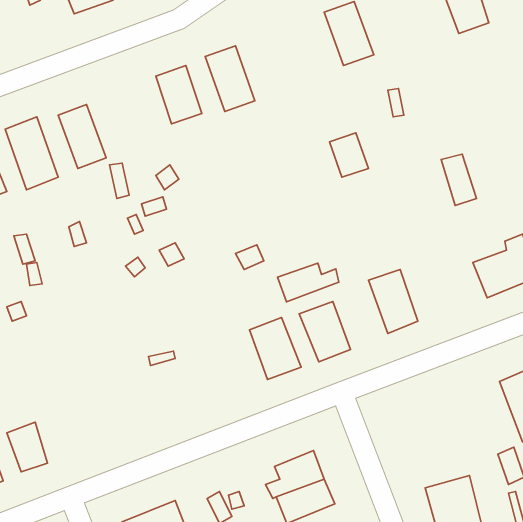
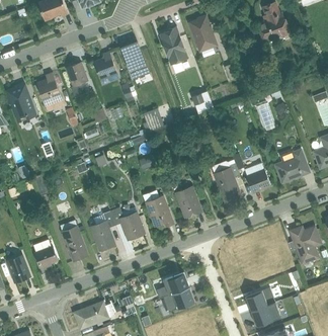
building: none -> [159,23,189,64]
building: none -> [65,62,90,93]
building: none -> [244,161,271,193]
building: [277,263,339,302] -> none
building: none -> [119,211,146,241]
building: none -> [89,220,116,252]
building: none -> [62,224,89,261]
building: none -> [32,240,60,271]

